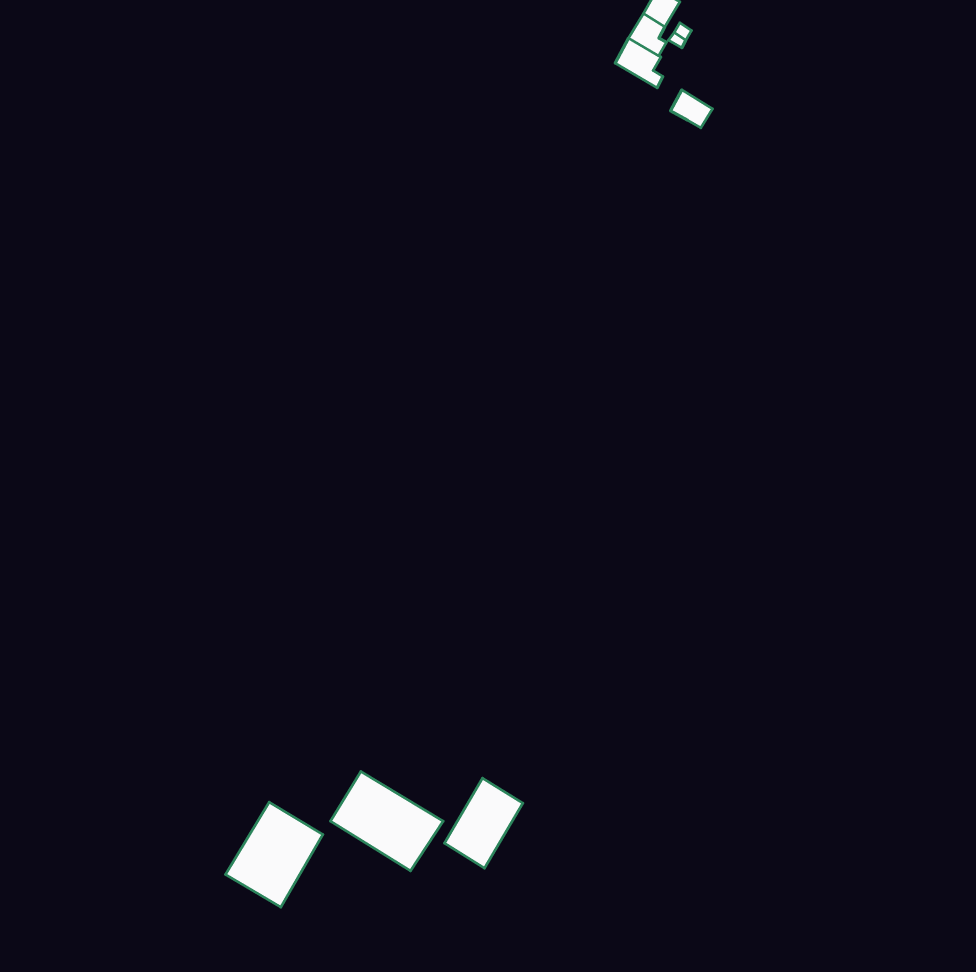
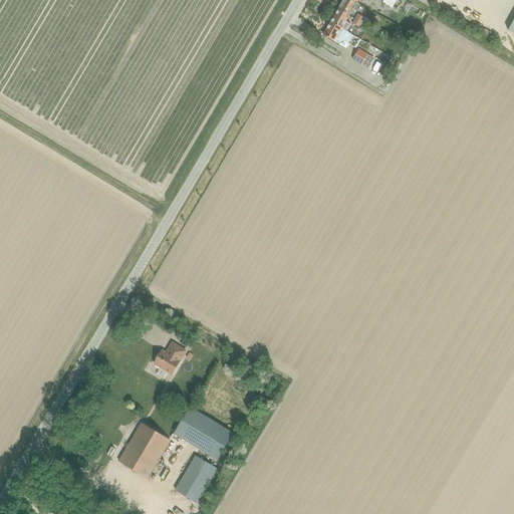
building: none -> [154,341,185,372]
building: [444,778,523,868] -> [175,454,216,501]

